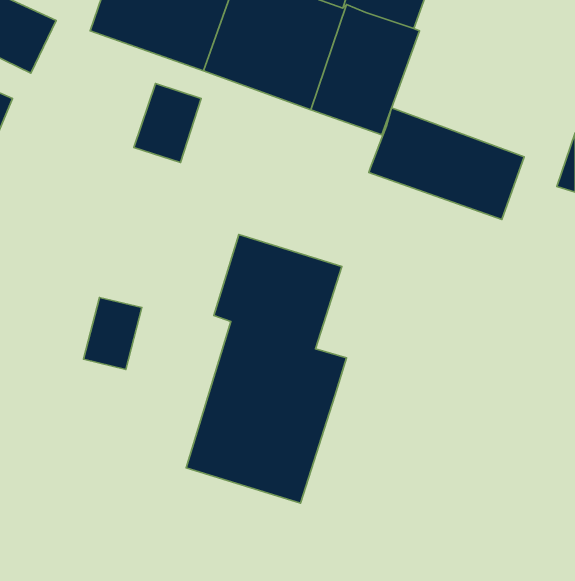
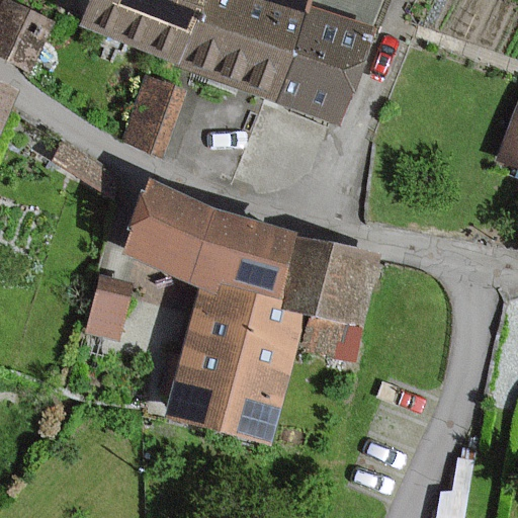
building: [369,108,524,219] -> none
building: none -> [123,187,211,279]
building: none -> [279,236,383,366]

